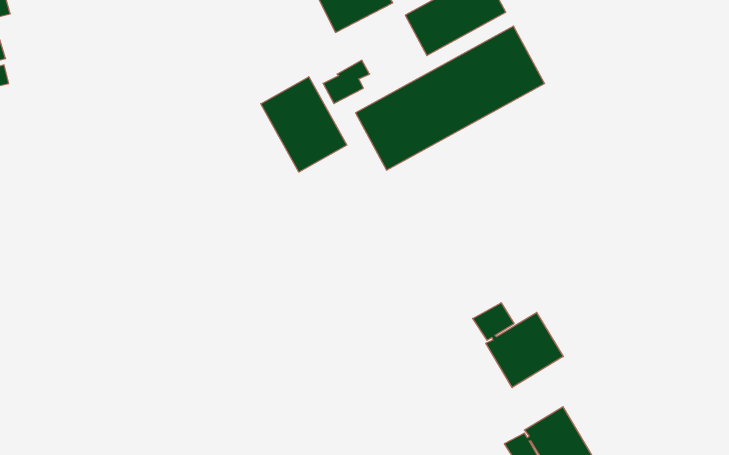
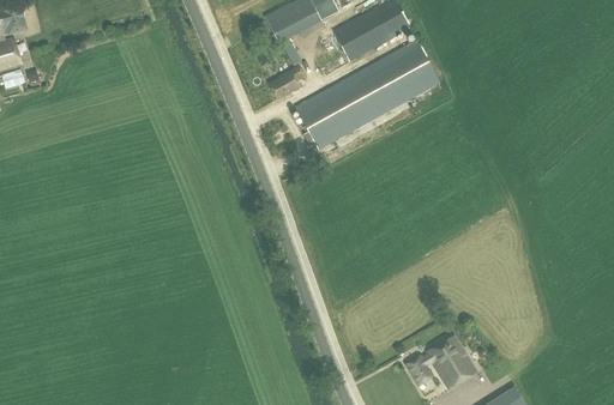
building: [261,77,347,172] -> none
building: [473,303,563,388] -> none

